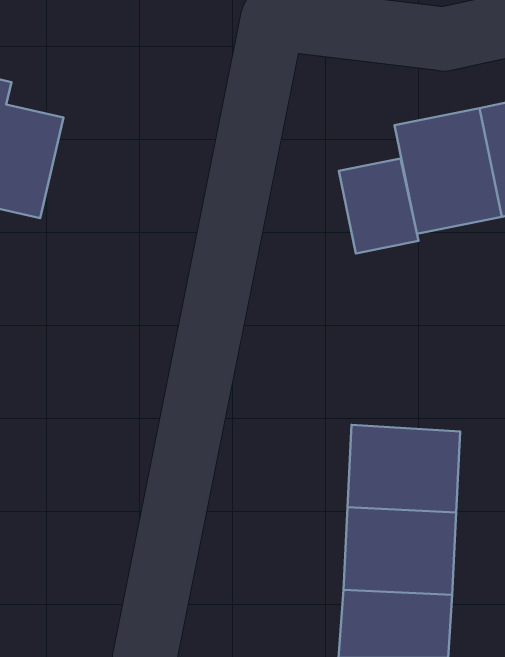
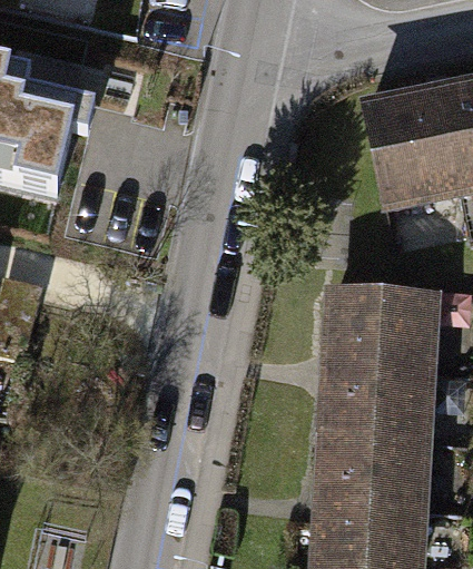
building: [339,158,418,254] -> none
building: none -> [323,297,420,372]

